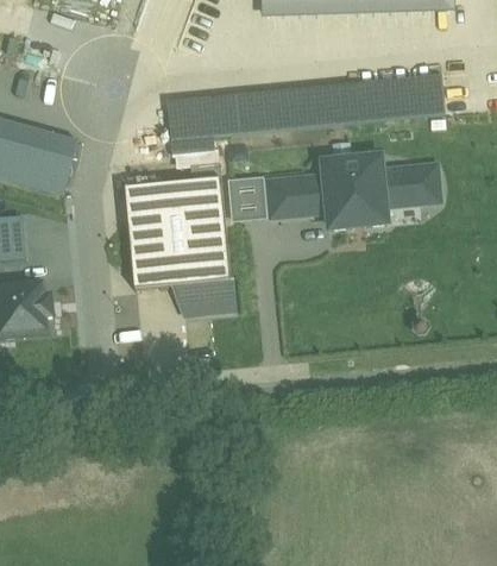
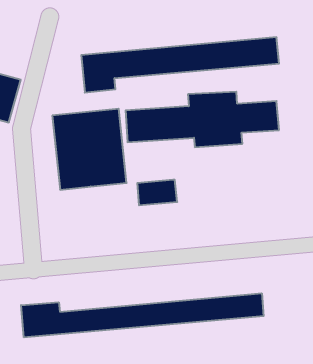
building: [178,279,234,315] -> [137,180,177,205]
building: none -> [21,293,264,337]

